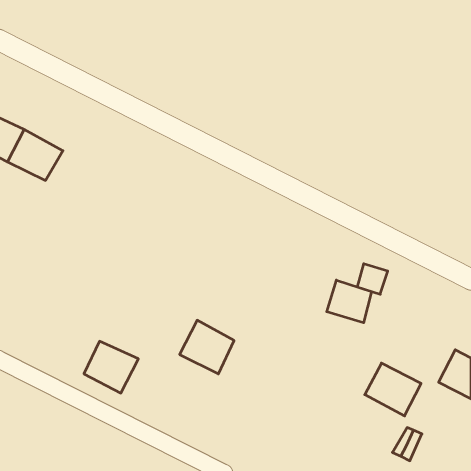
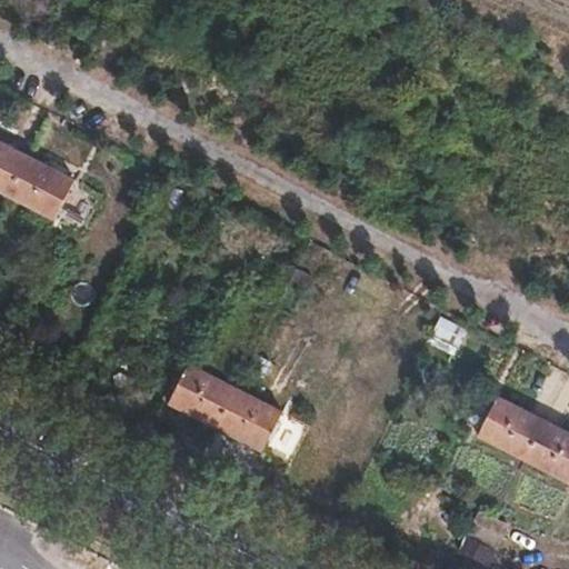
building: [327,280,371,323] -> none
building: [84,341,138,393] -> [171,366,237,428]
building: [365,363,421,416] -> [479,398,547,461]

